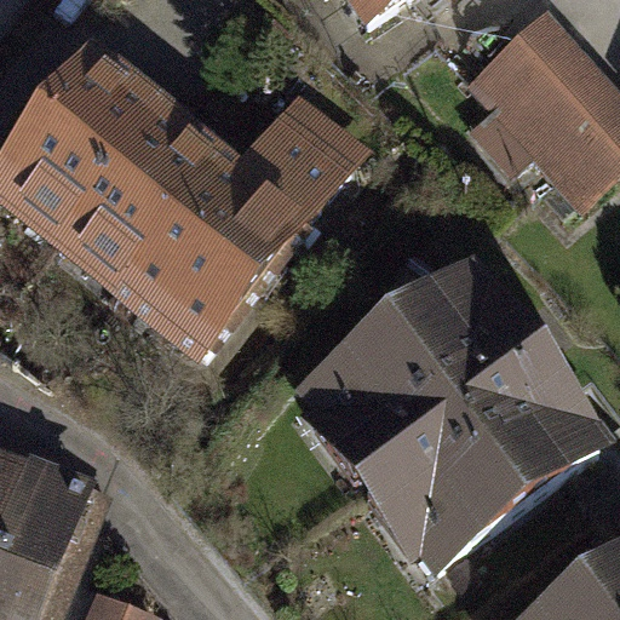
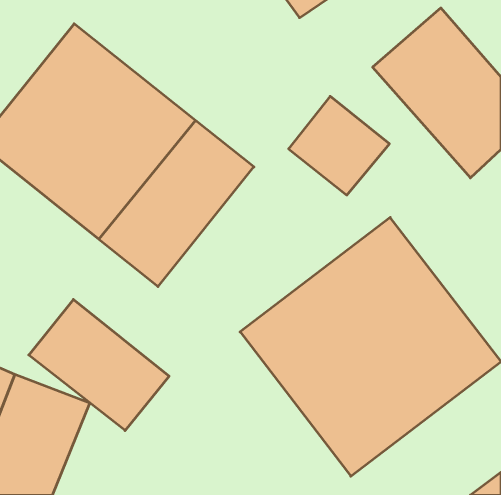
building: [240,84,363,205] -> [289,96,389,195]
building: none -> [29,299,169,431]

